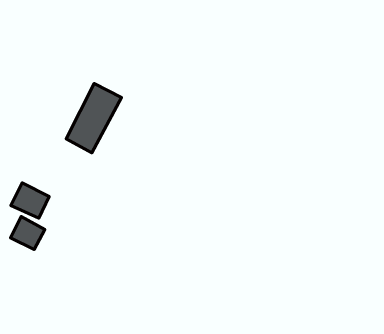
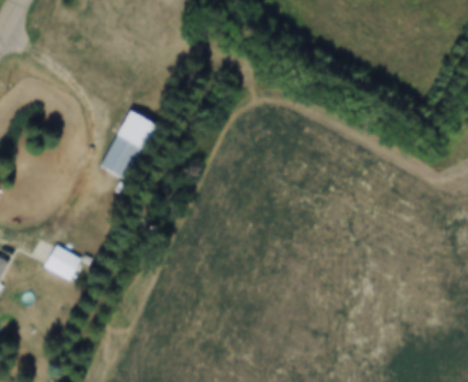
building: [11,183,49,218] -> none

